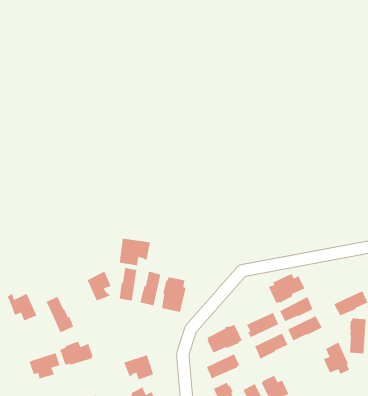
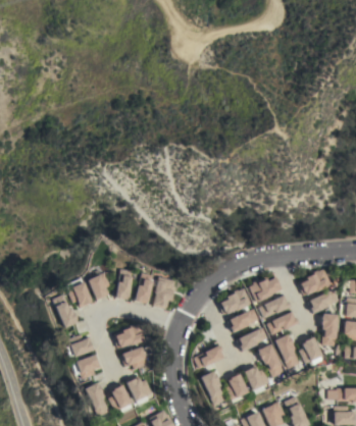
building: [119,238,151,266] -> none
building: none -> [298,269,330,296]
building: [7,293,38,322] -> [64,282,92,308]
building: [206,324,243,353] -> [218,288,251,315]
building: none -> [113,322,146,349]
building: none -> [274,334,299,369]
building: none -> [258,344,284,378]
building: [29,352,61,380] -> [71,355,100,379]

